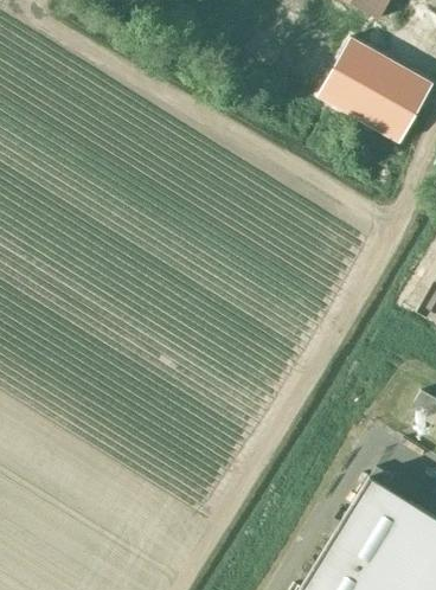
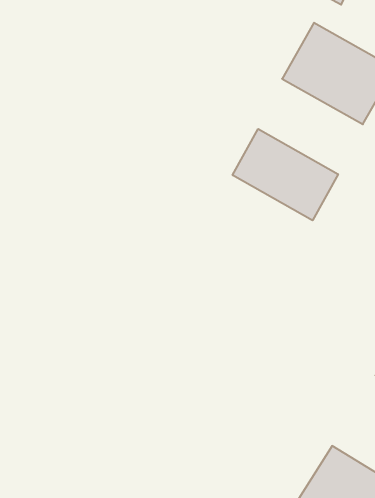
building: none -> [233,129,338,220]

